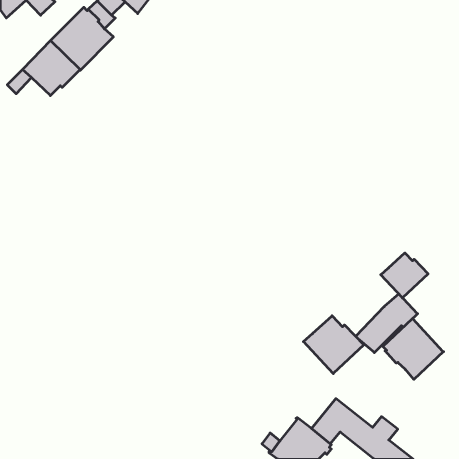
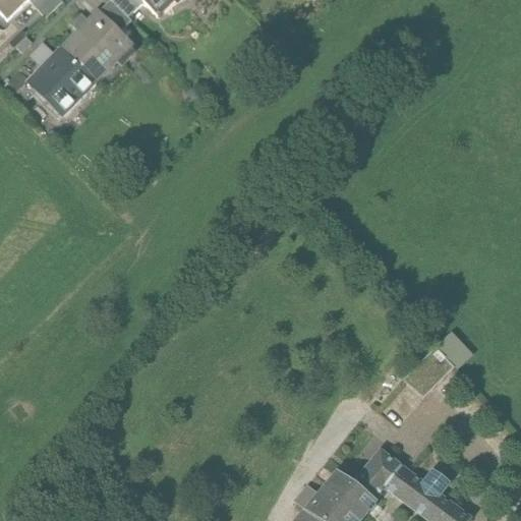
building: [381,253,428,298] -> none
building: [303,316,364,374] -> none
building: [383,318,444,379] -> none

